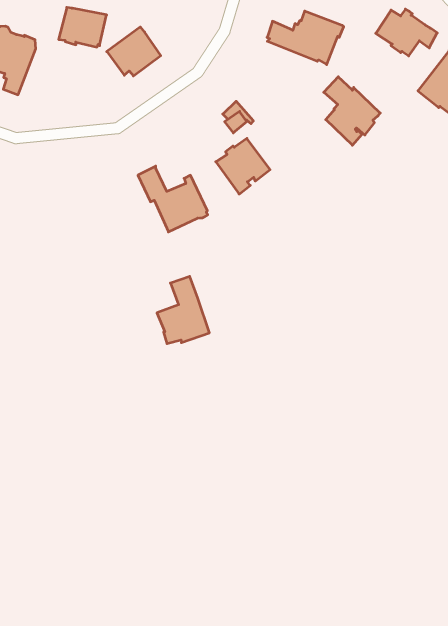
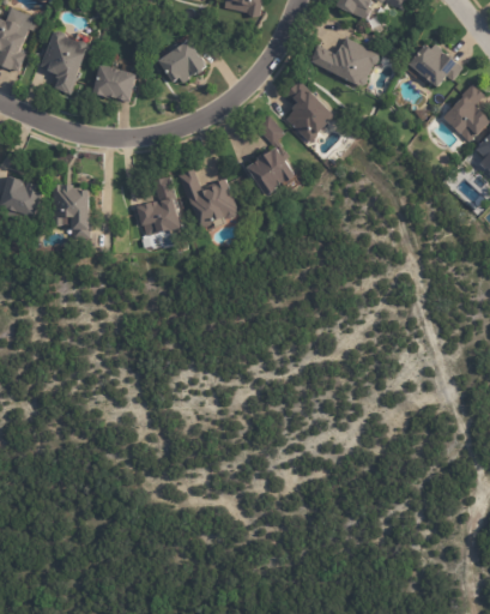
building: [59,7,107,47] -> [93,64,139,102]
building: [324,77,380,145] -> [286,80,337,144]
building: none -> [55,185,97,239]
building: [157,276,209,344] -> [137,177,183,237]

